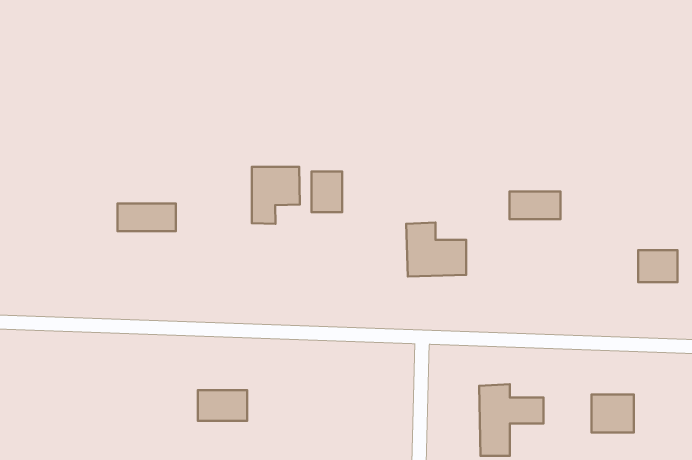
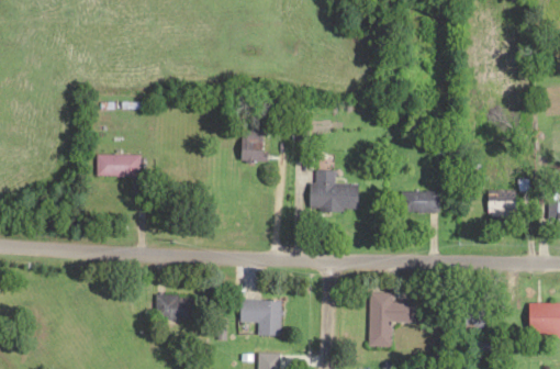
building: [252,167,300,224] -> none
building: [510,192,561,219] -> [402,190,440,211]
building: none -> [240,298,282,335]

